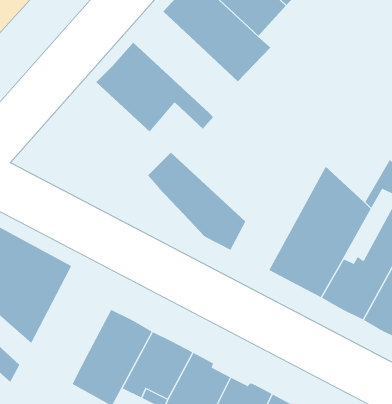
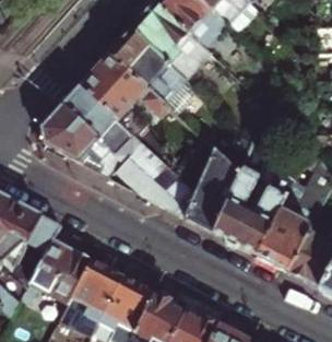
building: none -> [108,26,190,106]
building: none -> [40,82,138,175]
building: none -> [185,152,244,229]
building: none -> [21,235,91,305]

